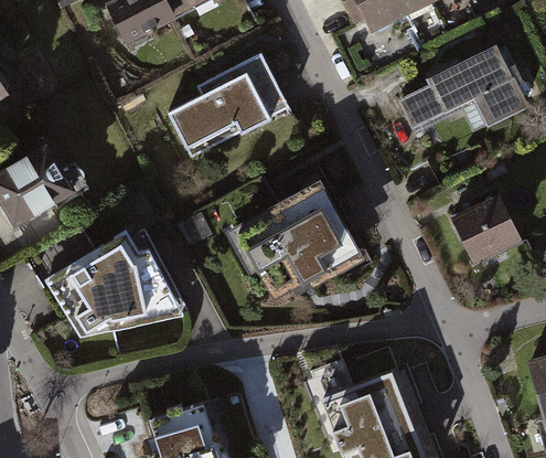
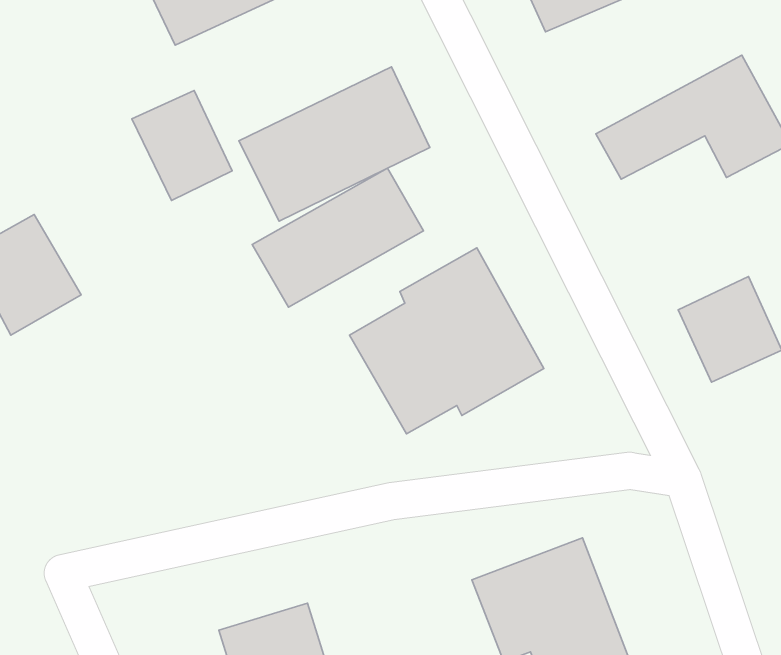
building: none -> [132,91,232,201]
building: none -> [252,168,424,307]
building: [42,227,183,333] -> none

